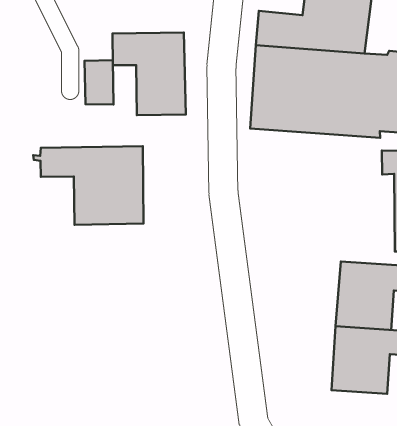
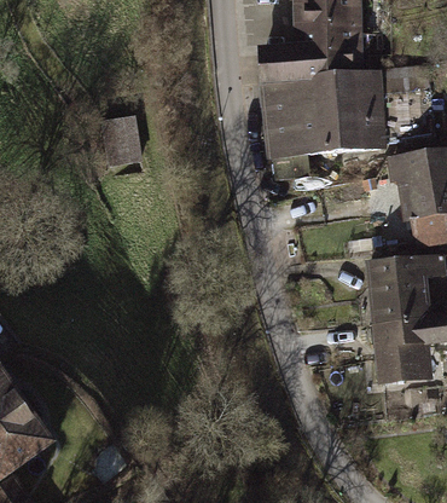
building: [112,33,186,115] -> none
building: [33,146,144,225] -> none

